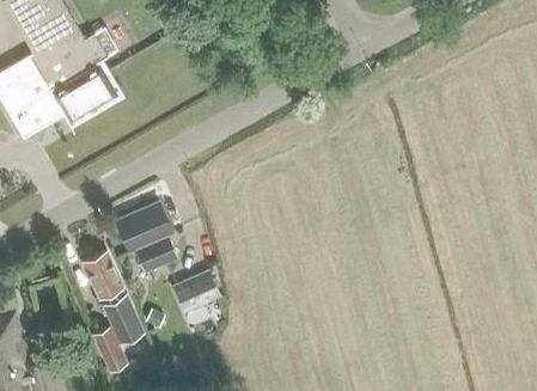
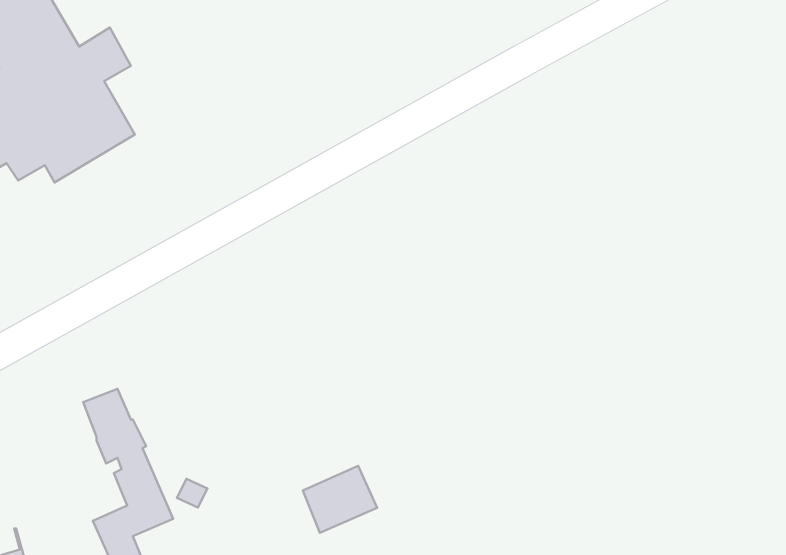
building: [117,203,177,273] -> none
building: [173,271,220,313] -> [303,466,377,533]

